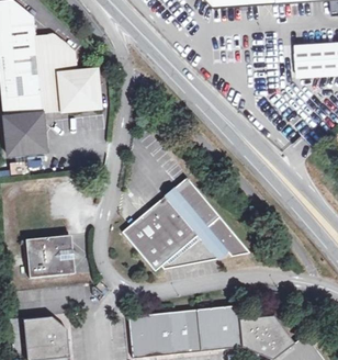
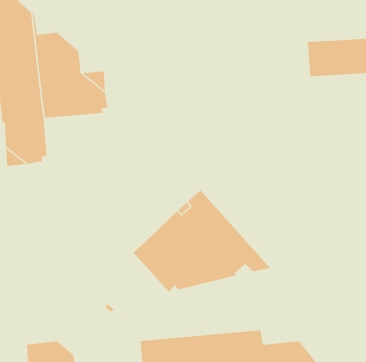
building: [25,237,78,278] -> none

